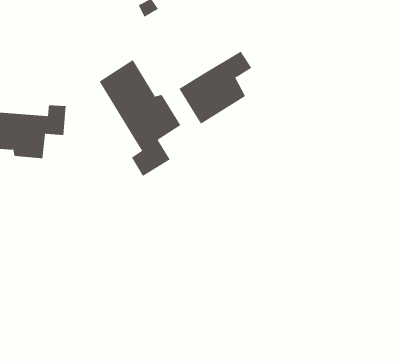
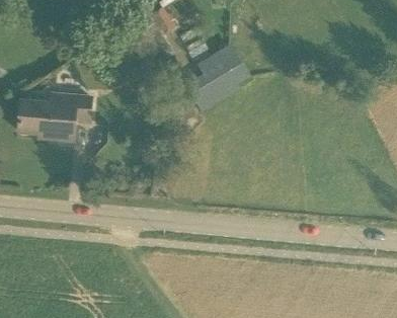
building: [99,59,181,177] -> none

